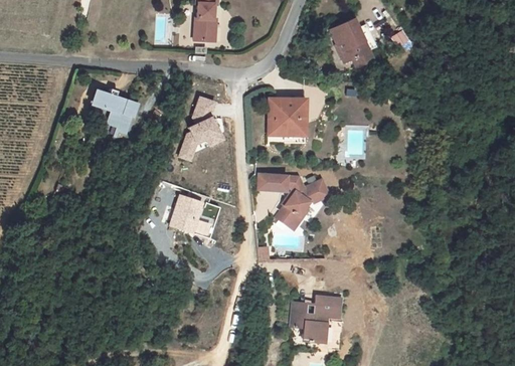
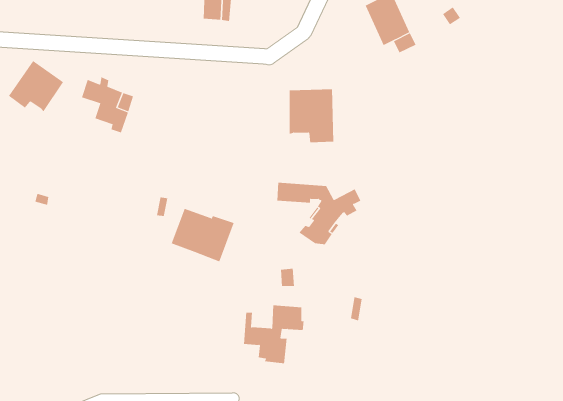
building: none -> [8,60,64,112]
building: [178,95,227,161] -> none
building: [293,295,343,343] -> [243,305,305,364]

